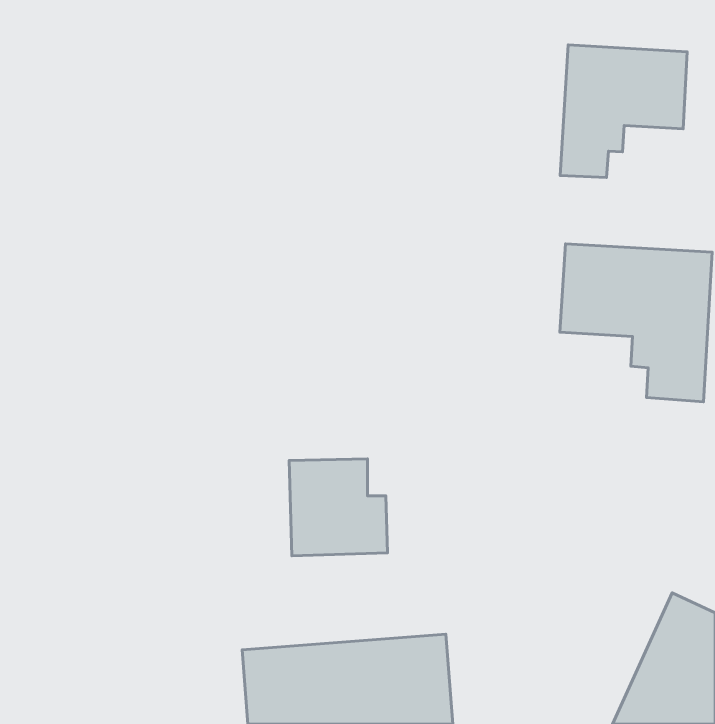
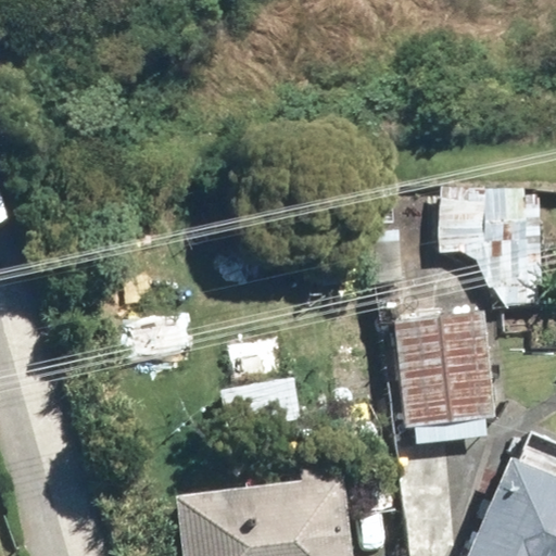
building: [560,45,687,177] -> none
building: none -> [396,320,497,444]

